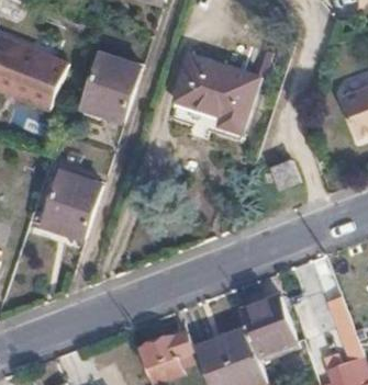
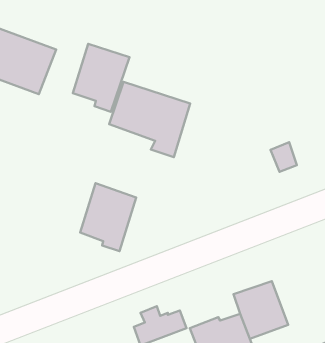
building: [182,55,264,131] -> [109,82,190,157]
building: [41,179,97,247] -> [80,183,136,251]

